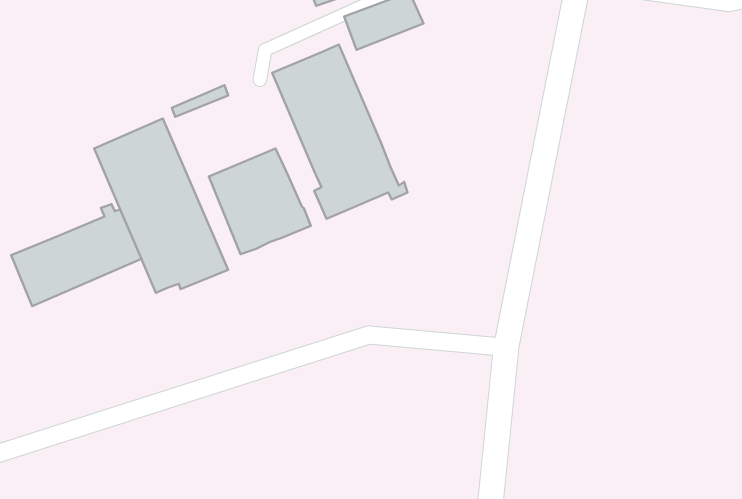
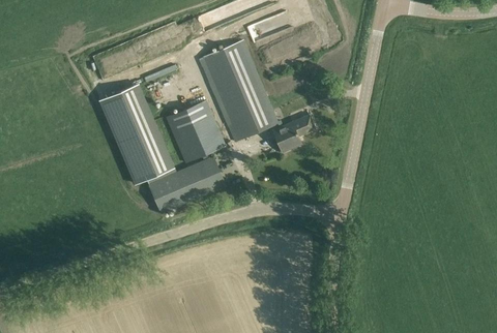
building: none -> [272,115,314,152]
building: [11,204,141,306] -> [148,153,225,213]

